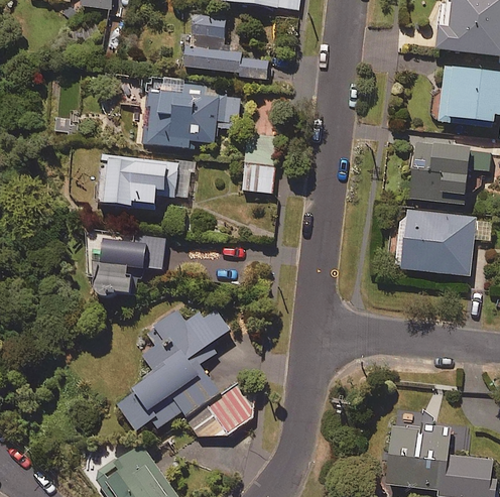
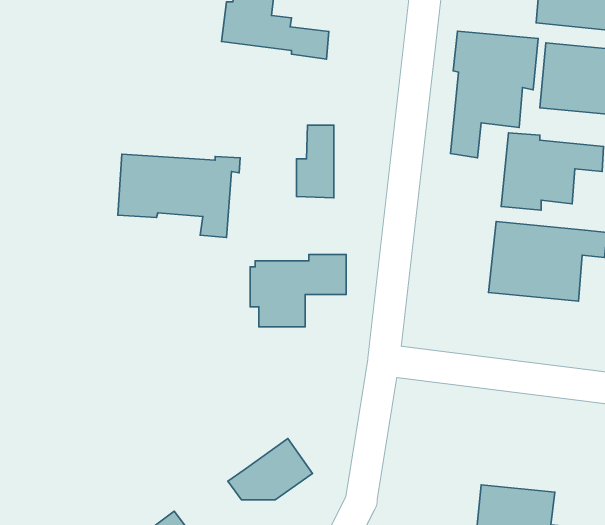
building: none -> [451,31,538,158]
building: [147,91,238,147] -> none
building: [86,236,163,294] -> [250,254,346,327]
building: [116,307,230,431] -> none

